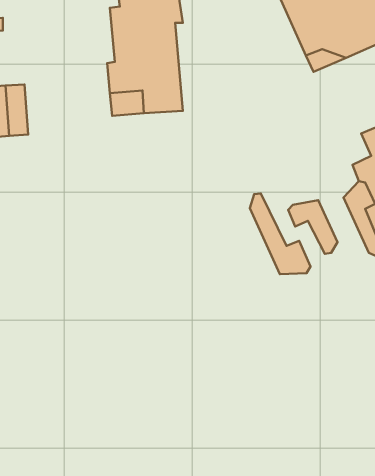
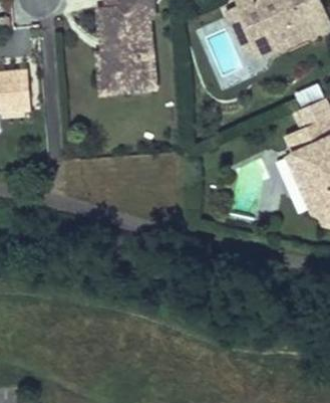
building: [250,194,310,274] -> none
building: [288,200,337,254] -> none

